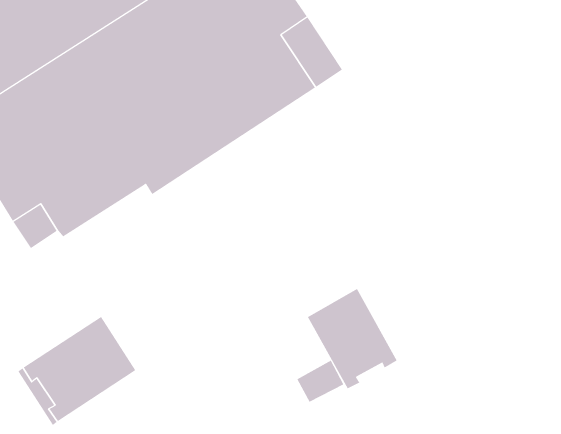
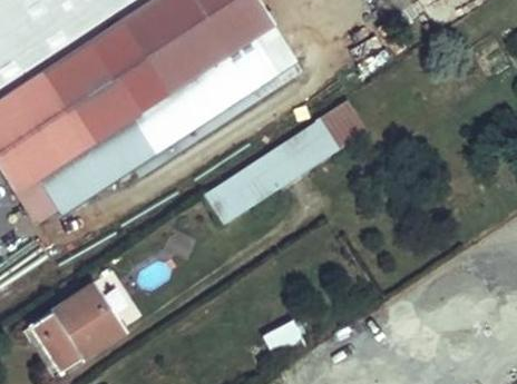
building: none -> [206,100,364,221]
building: [307,288,398,389] -> none

